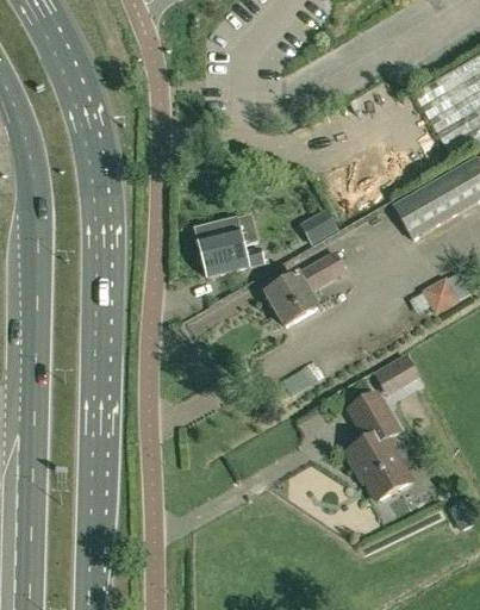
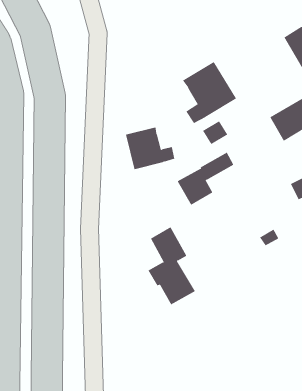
building: none -> [182,61,237,124]
building: [345,391,412,499] -> [147,226,196,305]

